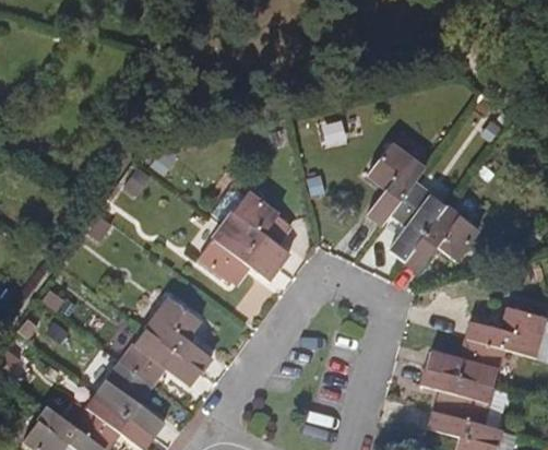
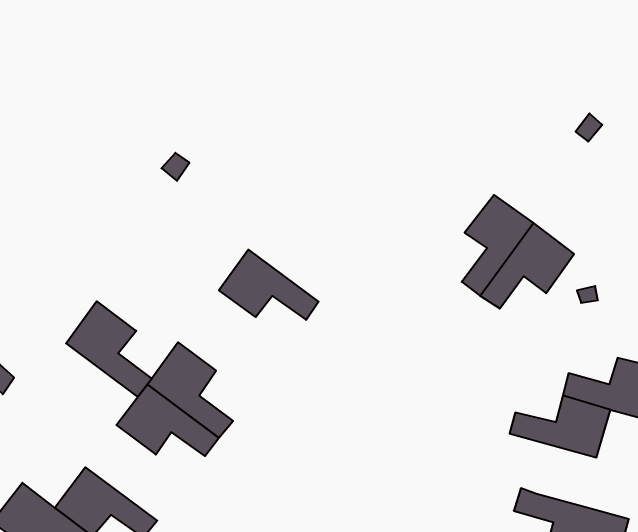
building: [367,143,425,225] -> none
building: [214,187,290,265] -> none
building: [96,362,163,436] -> [66,301,152,397]
building: [420,368,510,429] -> none

